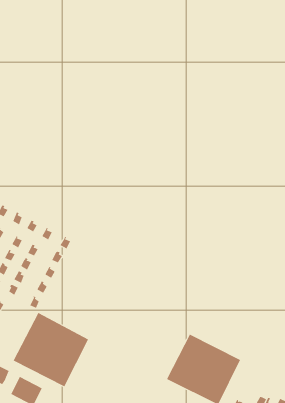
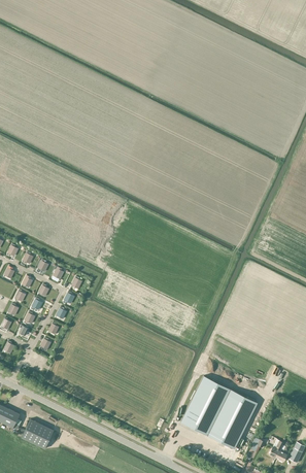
building: [13,312,89,387] -> none

